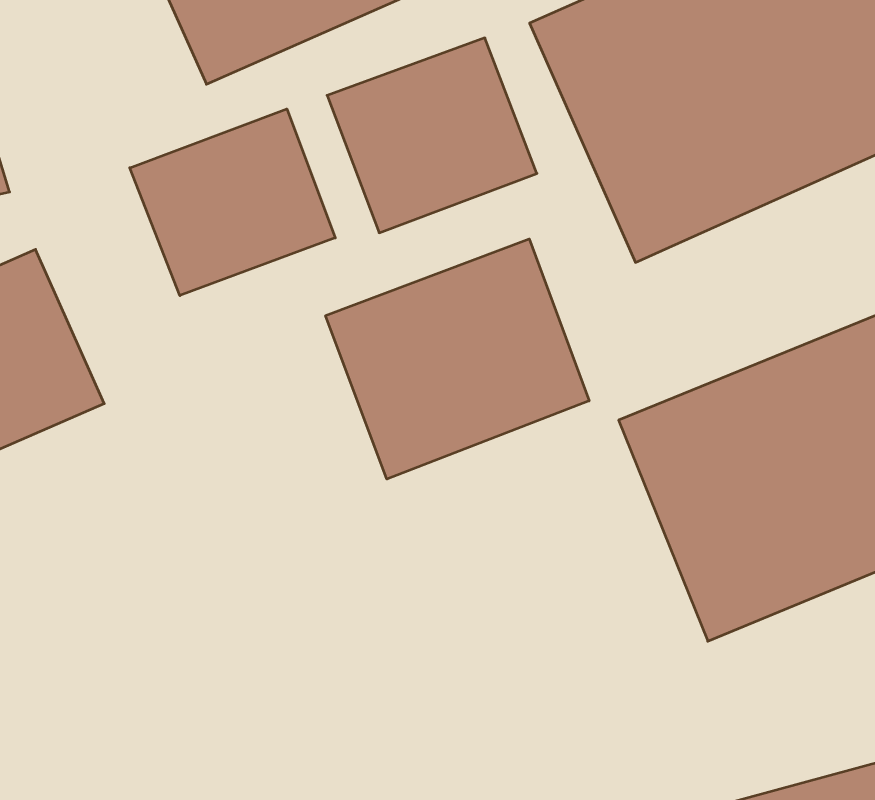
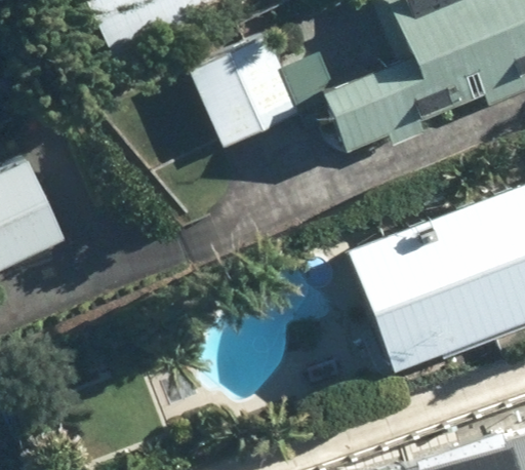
building: [130,109,335,296] -> none
building: [326,239,589,479] -> none

